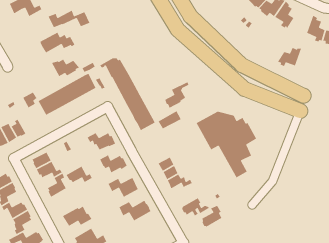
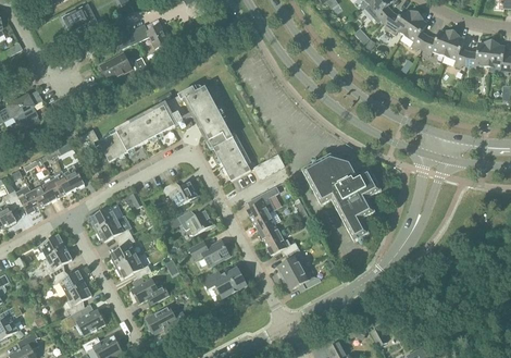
building: [277,47,302,67] -> [421,28,453,54]
building: [51,58,80,77] -> none
building: [164,81,189,109] -> [247,185,279,221]
building: [66,166,93,183] -> [116,254,151,276]
building: [201,205,223,228] -> [278,247,306,276]

